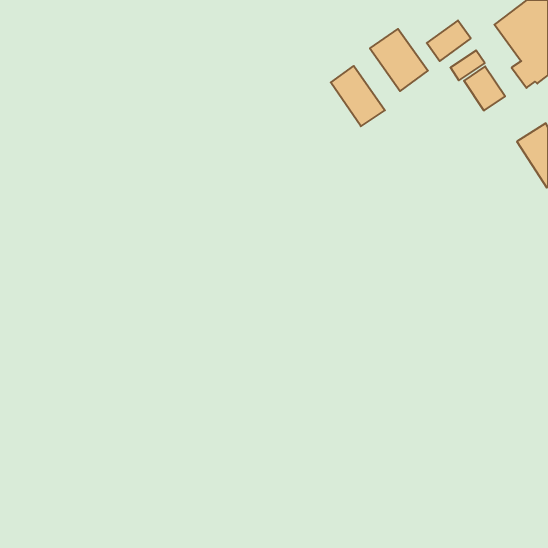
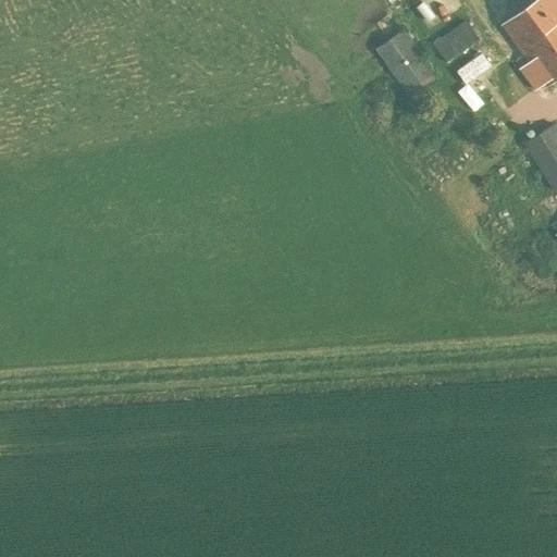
building: [331,66,385,126] -> none
building: [464,66,505,111] -> none

